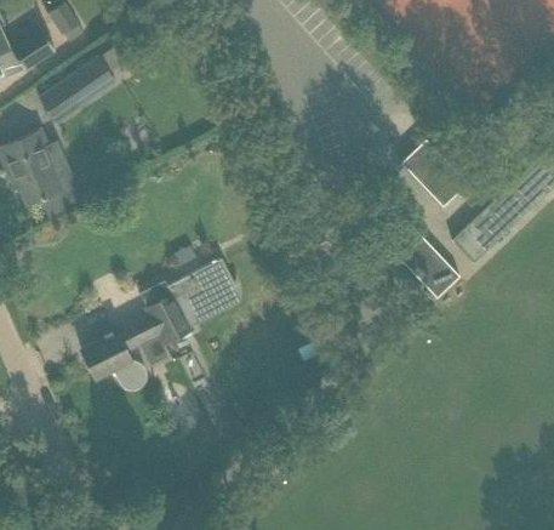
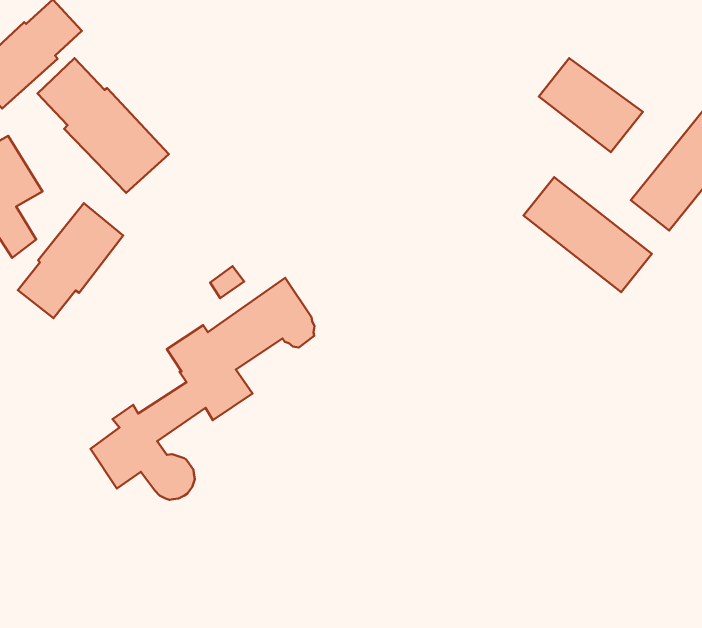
building: none -> [37,58,169,193]
building: none -> [18,203,123,318]

